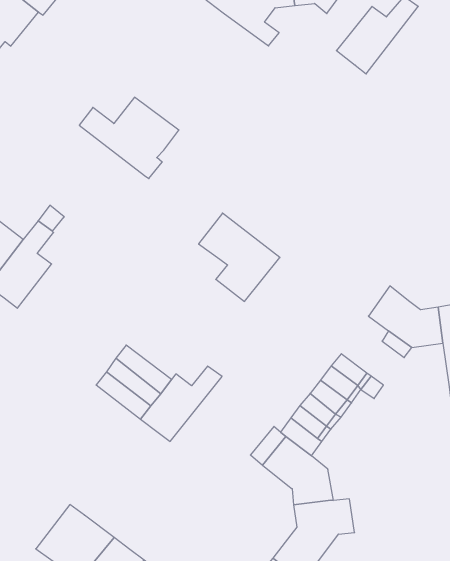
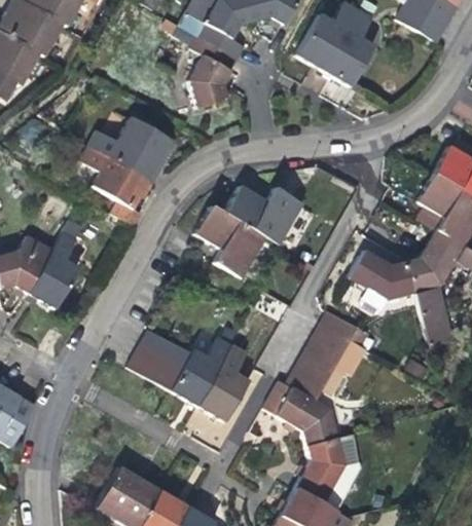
building: none -> [320,9,370,87]
building: none -> [185,37,234,109]
building: none -> [76,148,145,227]
building: none -> [227,187,304,243]
building: none -> [197,343,250,420]

